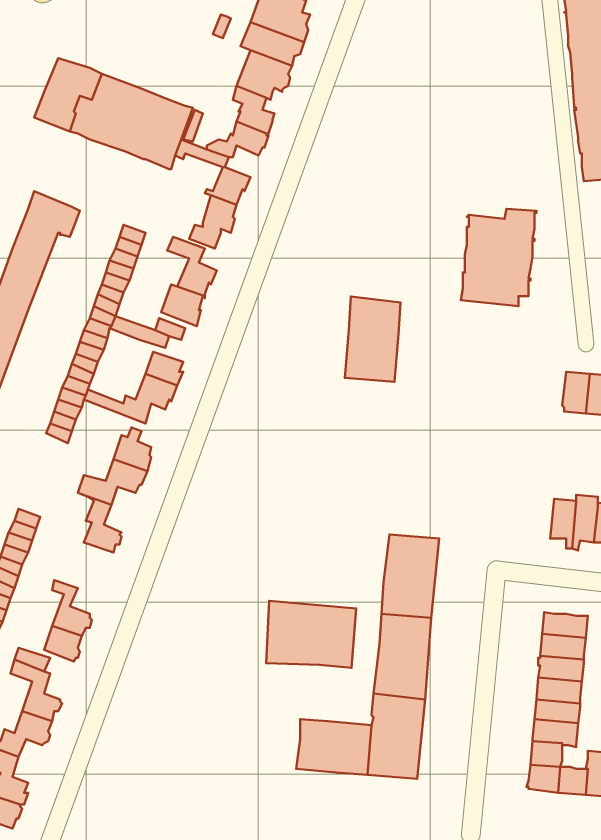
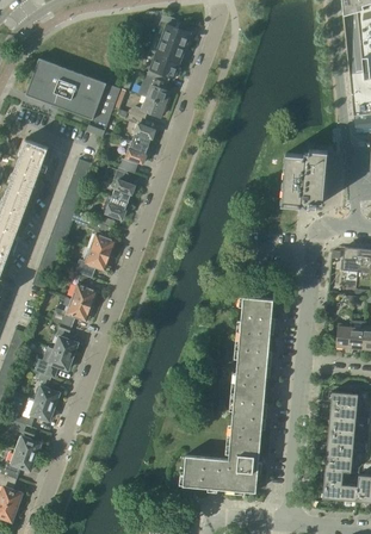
building: [345,296,400,382] -> [239,296,272,347]
building: none -> [33,347,73,378]
building: [266,601,356,668] -> none

